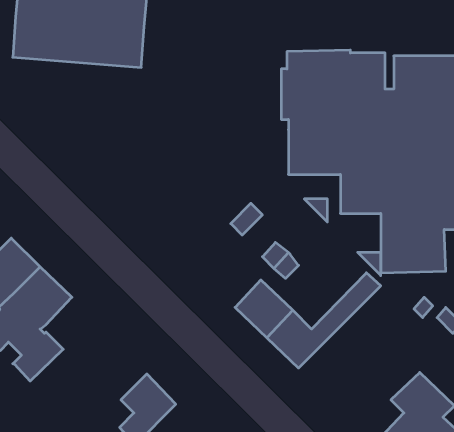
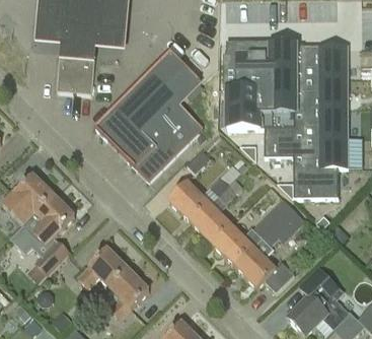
building: none -> [95,51,204,181]
building: none -> [57,55,94,92]
building: none -> [168,181,209,222]
building: none -> [235,207,306,290]
building: none -> [79,248,129,288]

